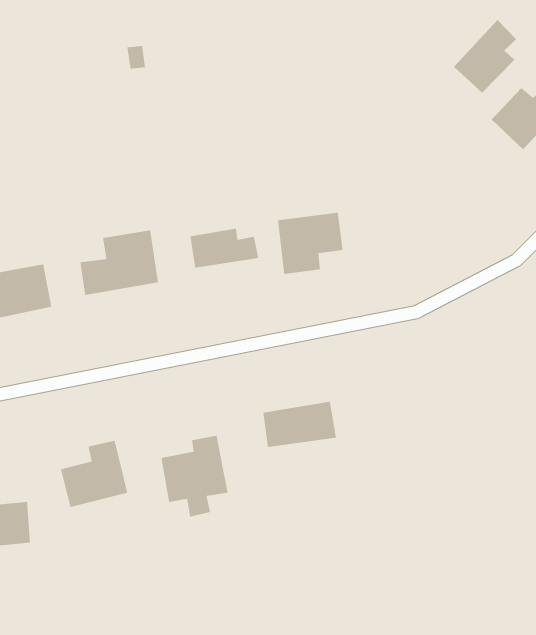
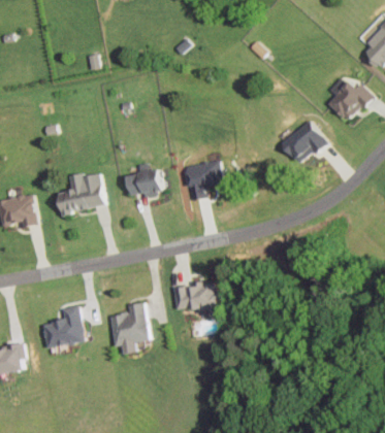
building: [453,19,517,94] -> none
building: none -> [281,120,320,160]

